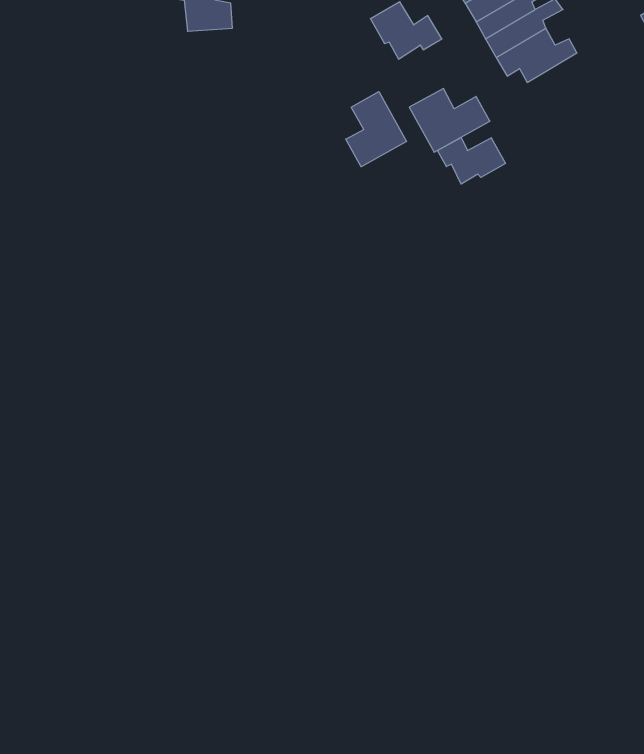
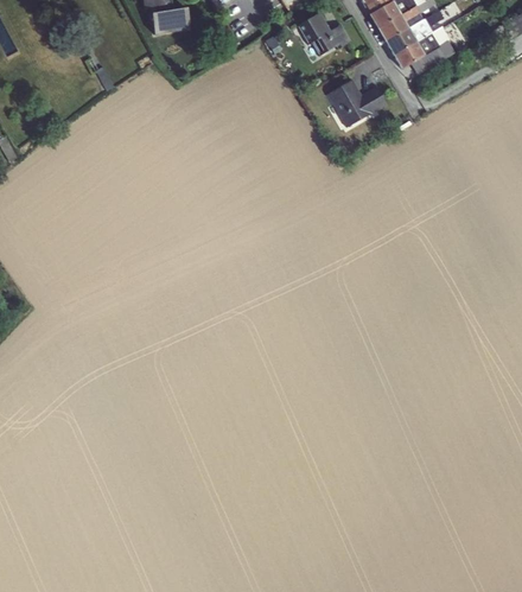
building: [346,92,407,167] -> none
building: [437,138,505,184] -> none

